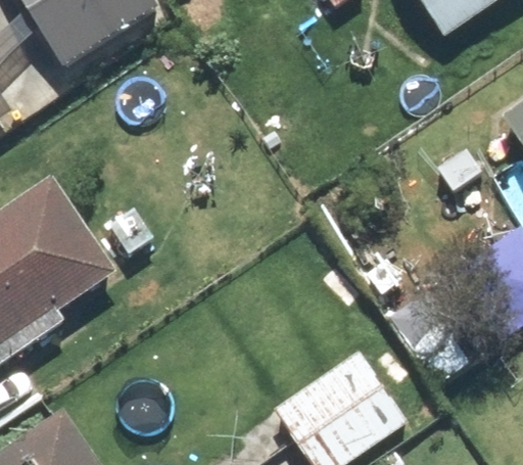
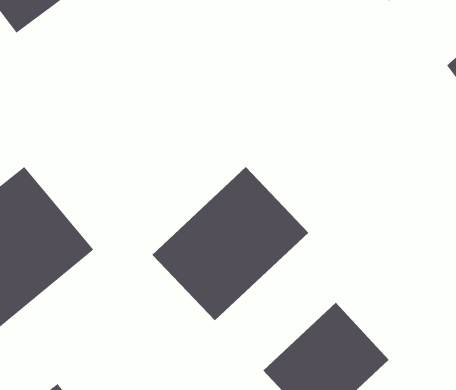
building: none -> [151,166,309,321]

